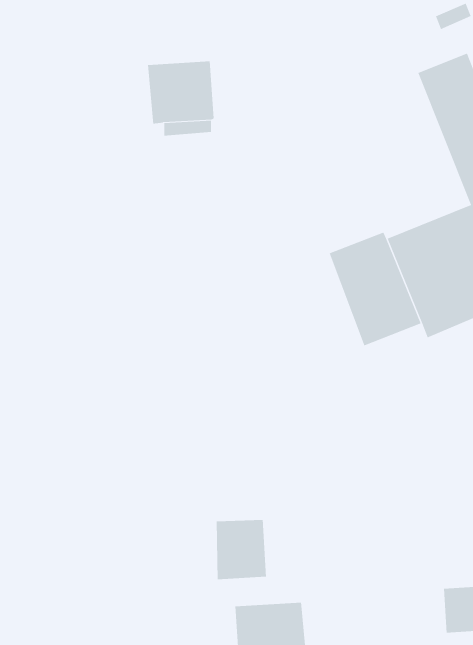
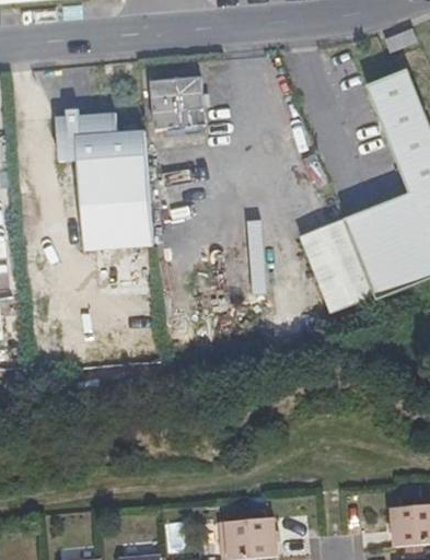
building: none -> [54,109,152,249]
building: [216,519,267,580] -> none

